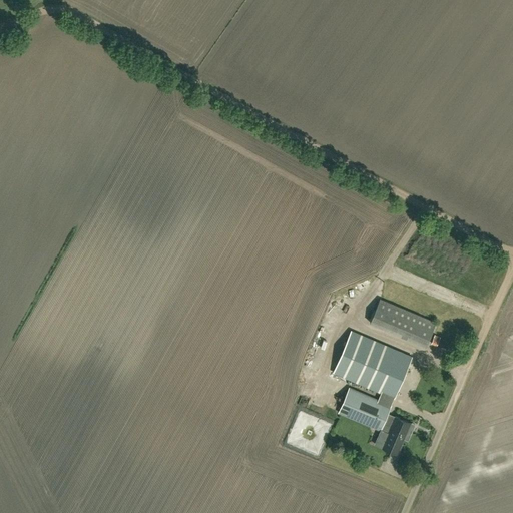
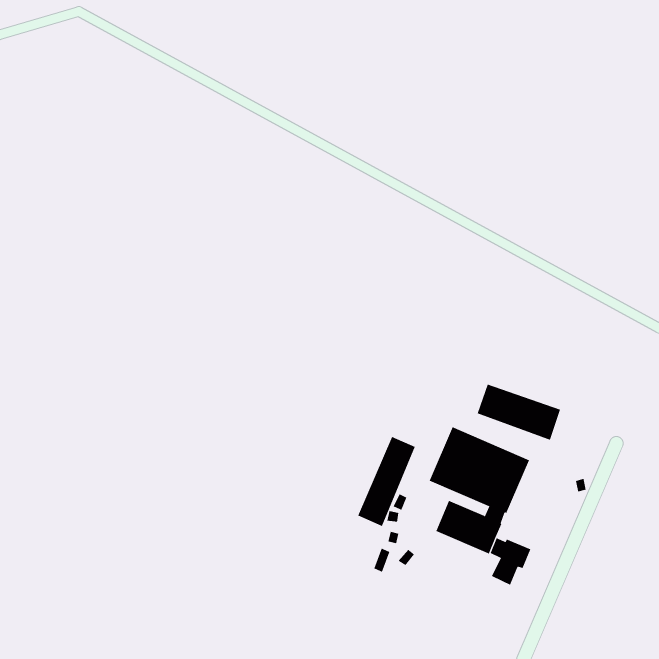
building: none -> [358,436,415,527]

